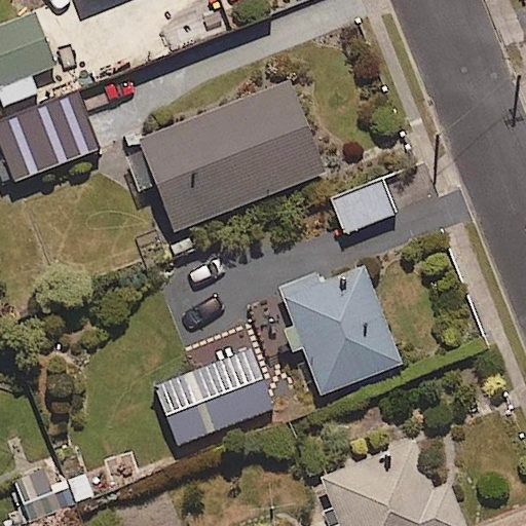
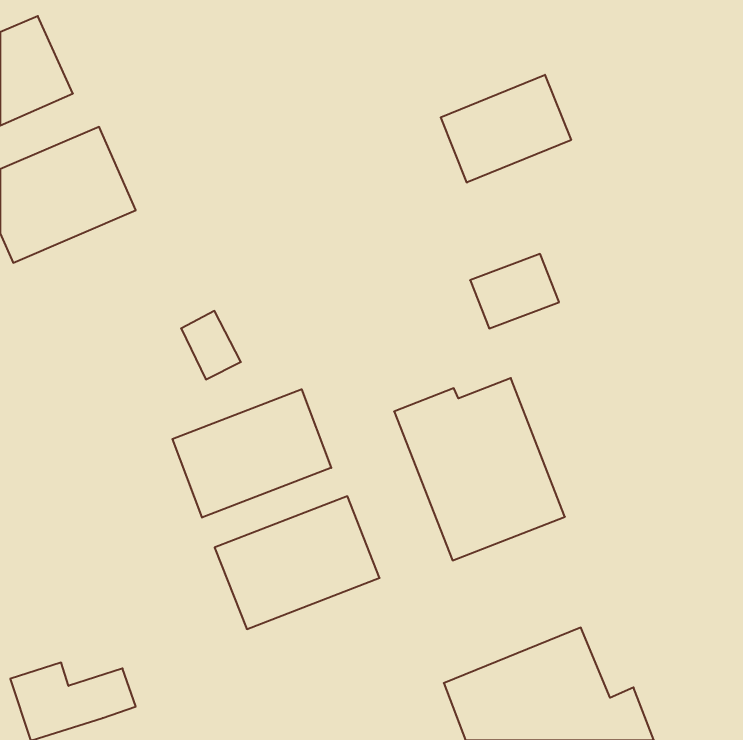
building: none -> [441,75,571,183]
building: [134,79,327,235] -> none
building: none -> [172,389,331,518]

